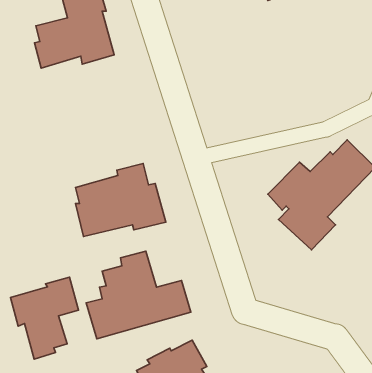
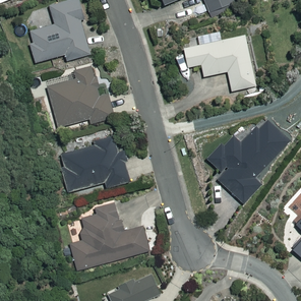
building: none -> [184,32,255,91]
building: none -> [47,66,114,128]
building: [10,277,79,359] -> none

